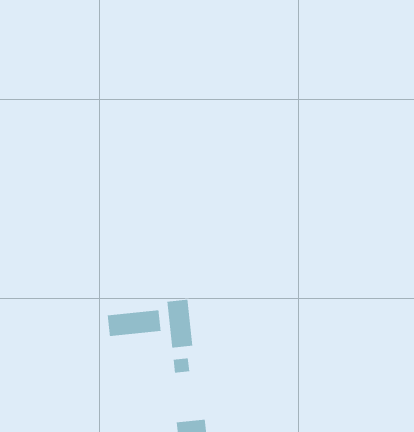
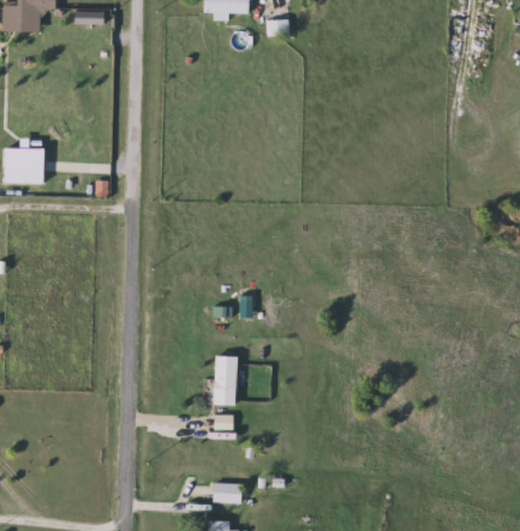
building: [107,309,161,337] -> none

